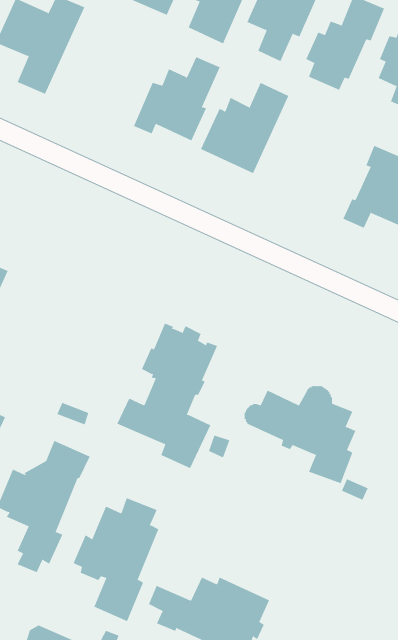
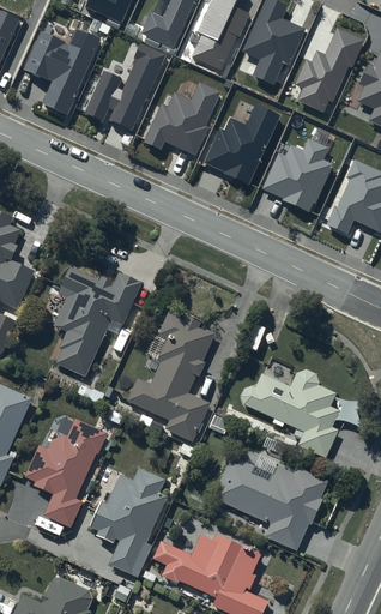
building: none -> [83,43,165,130]
building: none -> [261,137,332,212]
building: none -> [58,270,144,379]
building: none -> [211,453,326,549]

